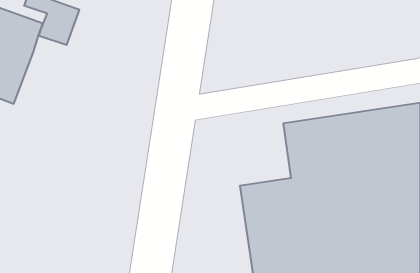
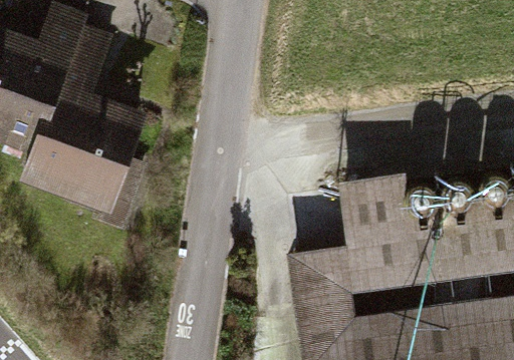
building: none -> [24,96,146,238]

